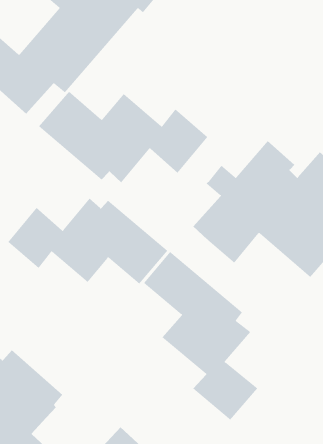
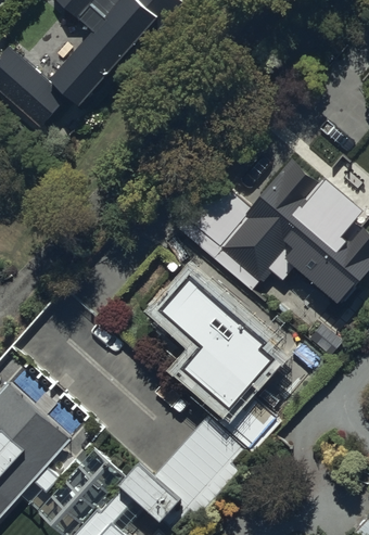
building: [38,91,208,183] -> none
building: [7,198,168,285] -> none

